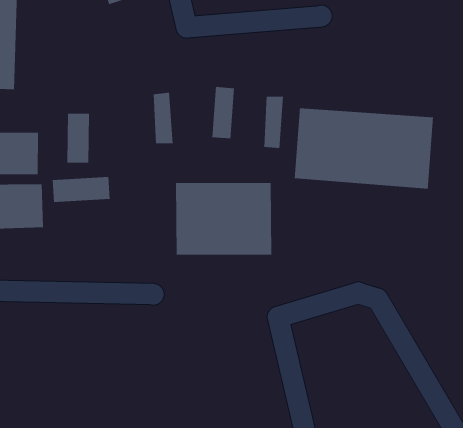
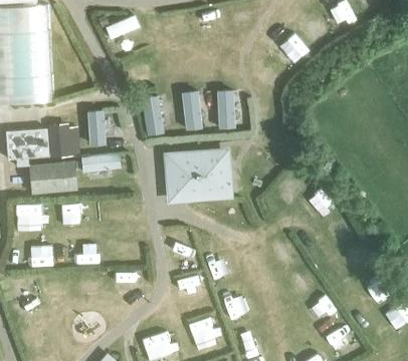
building: [294,107,434,190] -> none

